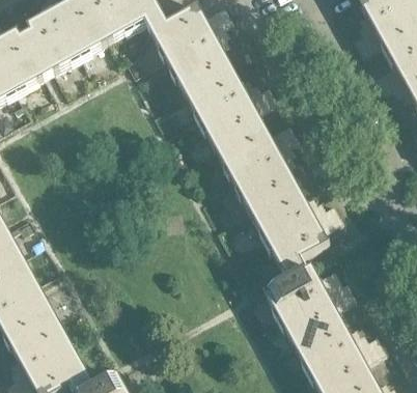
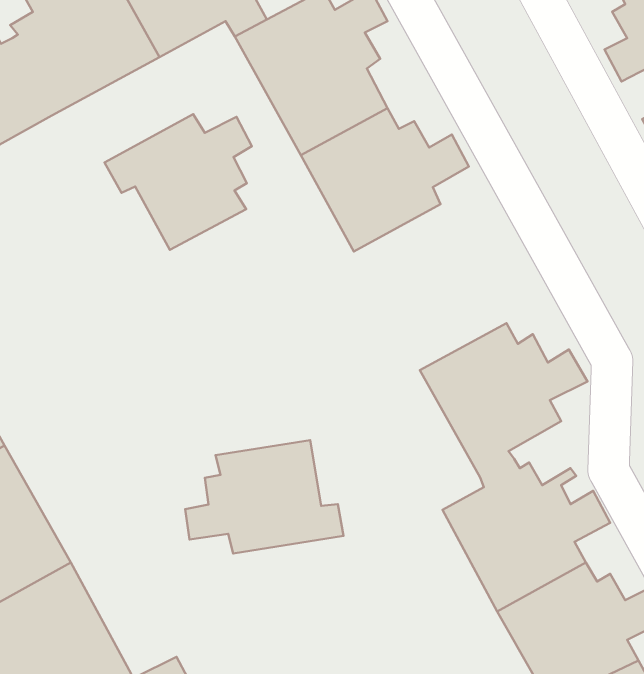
building: none -> [104,114,252,250]
building: [215,123,299,215] -> none
building: none -> [185,440,343,554]

